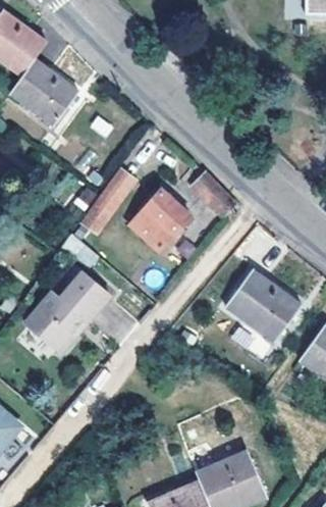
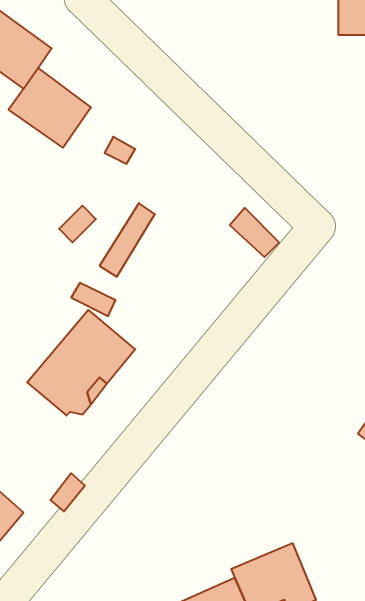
building: [128,189,189,250] -> none
building: [226,272,301,343] -> none

